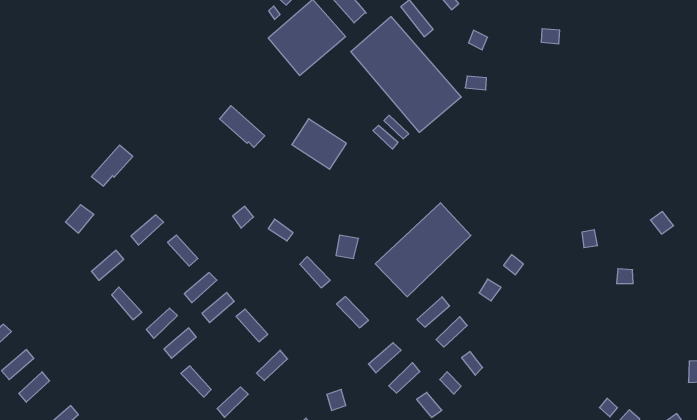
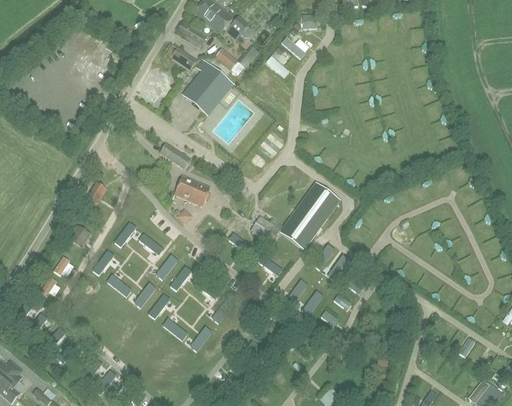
building: [351,17,461,132] -> none
building: [292,119,346,169] -> [175,175,211,206]

